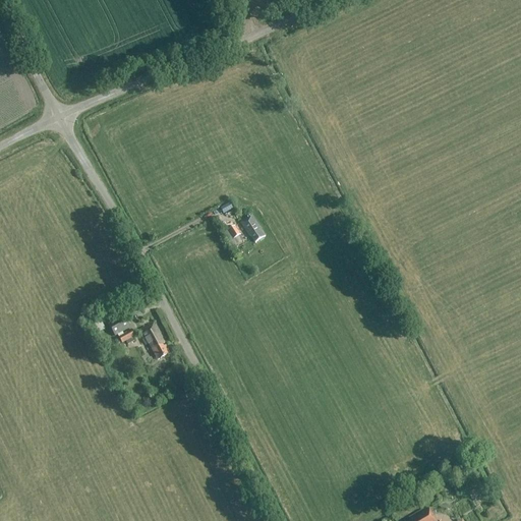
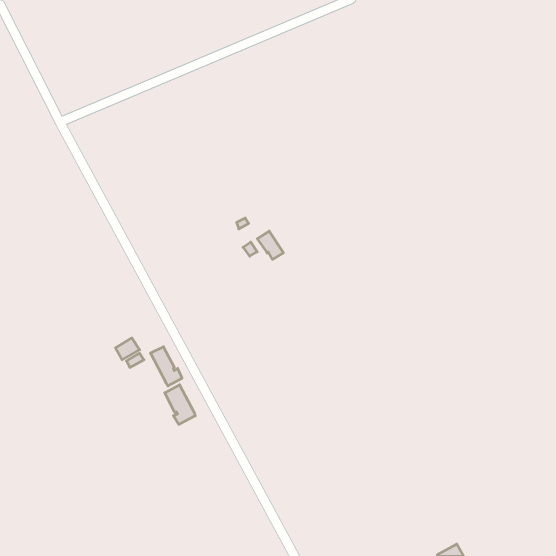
building: none -> [165,385,195,424]

